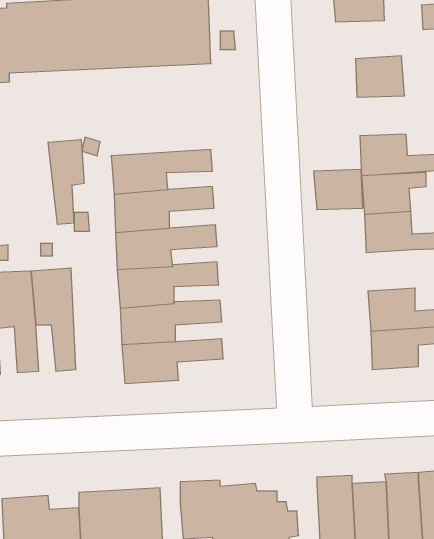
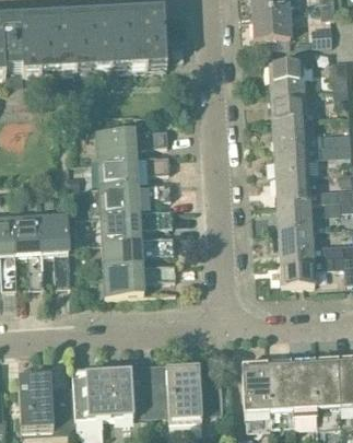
building: [48,139,84,225] -> none
building: [314,170,363,210] -> [270,88,305,116]
building: none -> [276,197,311,226]

